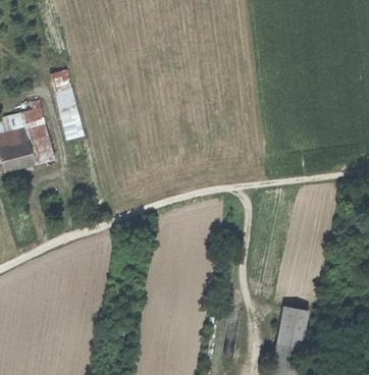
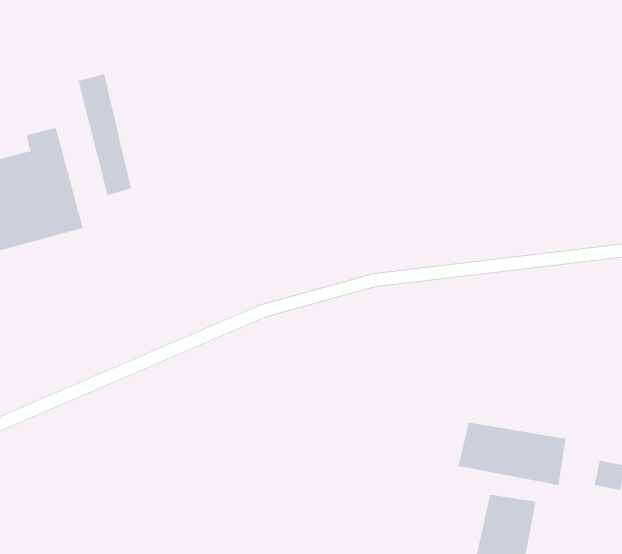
building: none -> [458,422,566,486]

